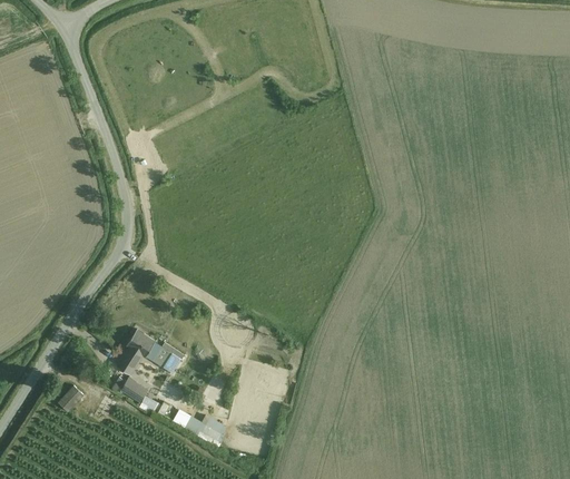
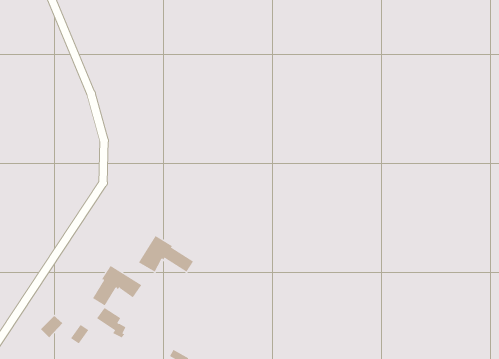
building: none -> [138,235,194,273]

